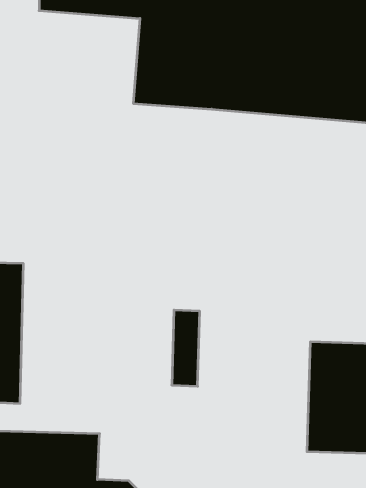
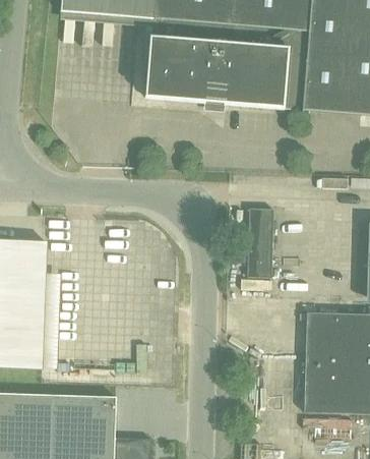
building: [172,310,200,386] -> [248,208,273,277]

